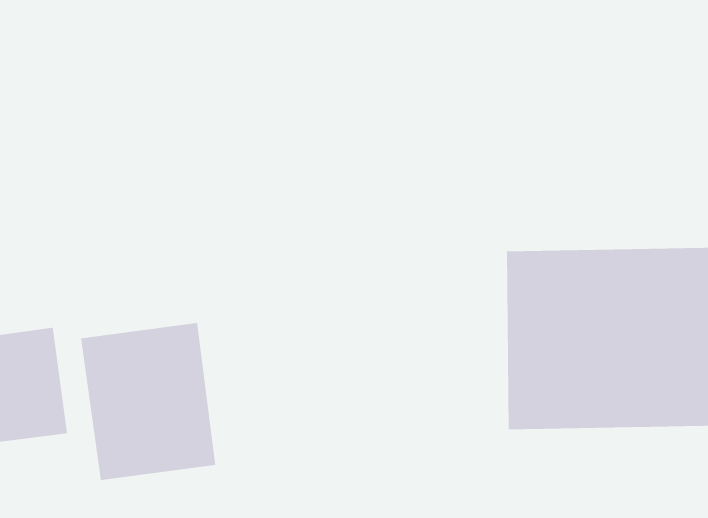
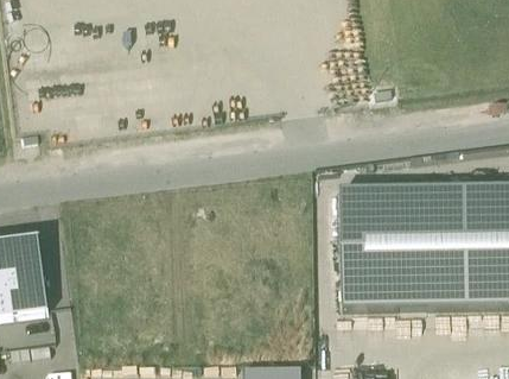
building: [81,322,216,481] -> none

